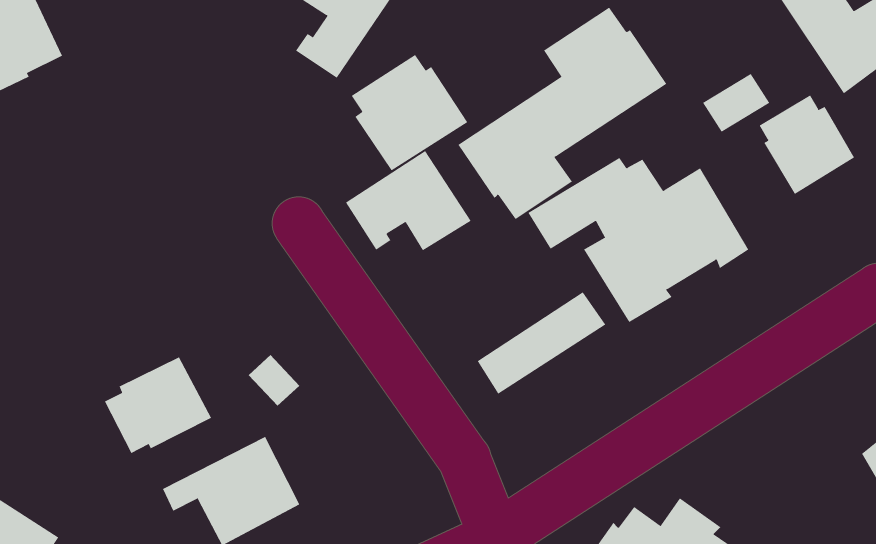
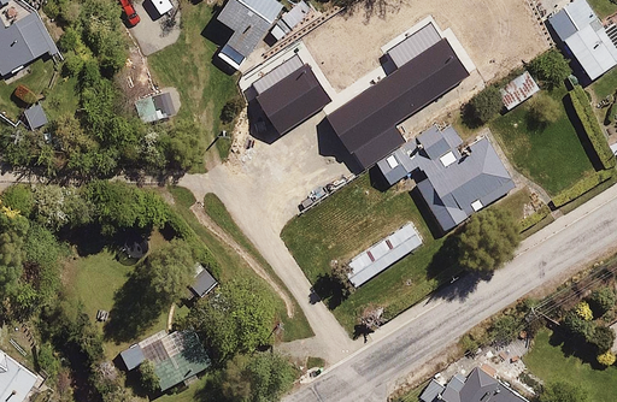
building: [759,94,855,195] -> none
building: [345,150,471,251] -> none
building: [104,357,212,454] -> none

